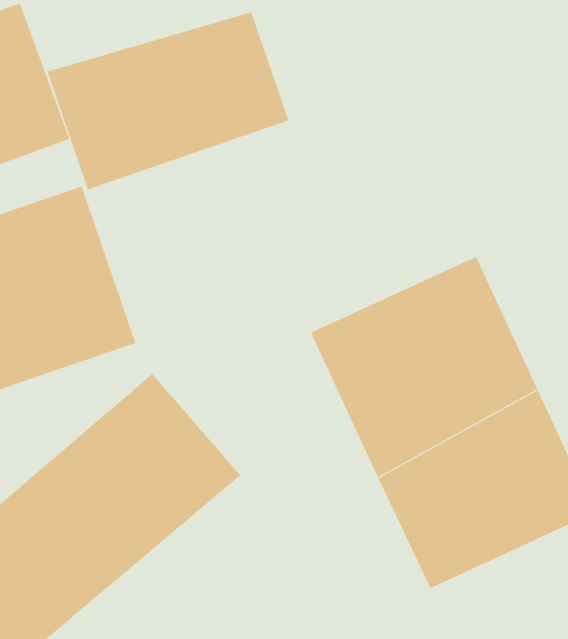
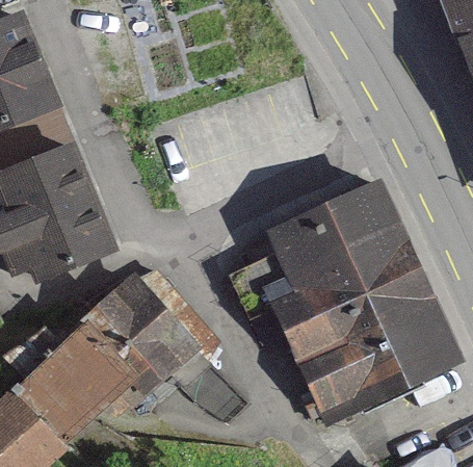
building: [47,12,289,190] -> none

